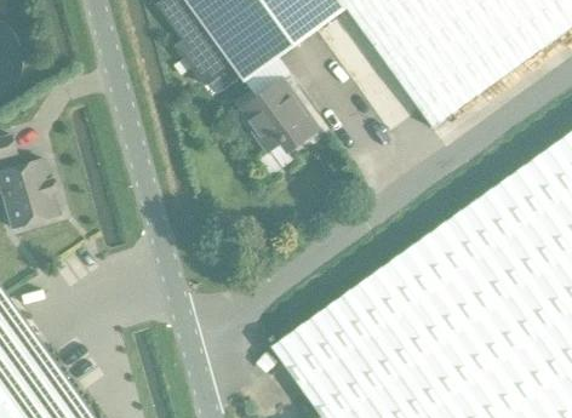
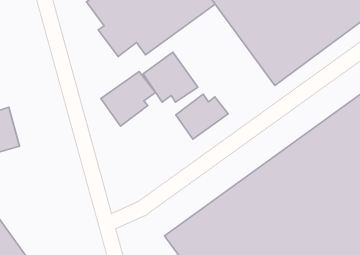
building: none -> [101,71,156,126]
building: none -> [176,94,228,139]

